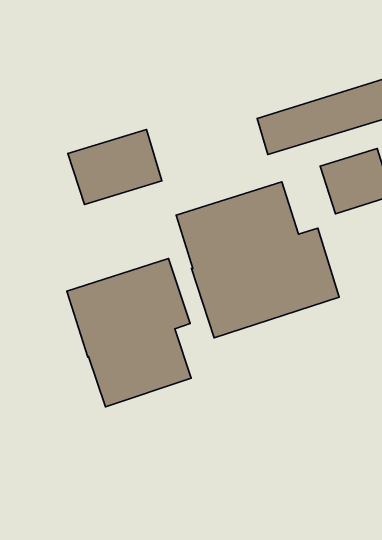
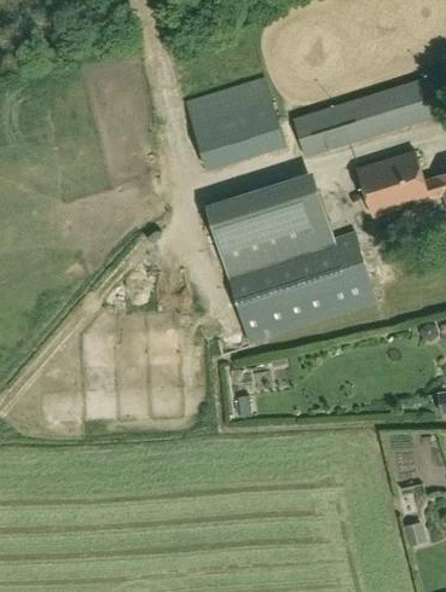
building: [68,130,162,205] -> [187,92,283,168]
building: [67,258,191,407] -> none

